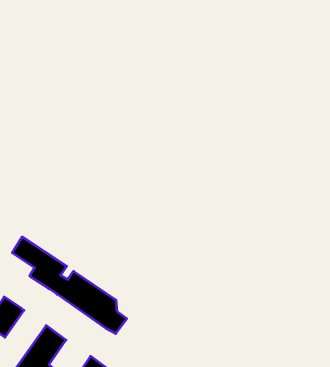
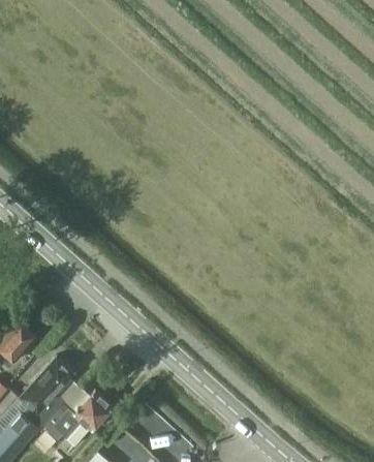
building: [12,237,127,334] -> none

